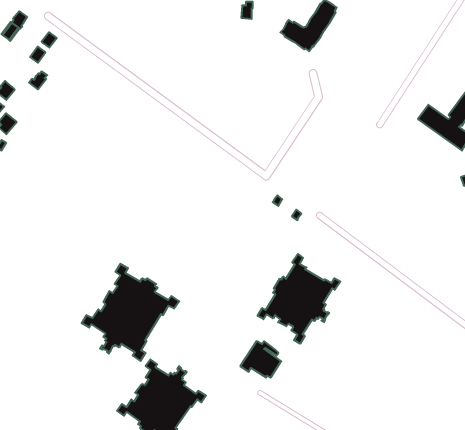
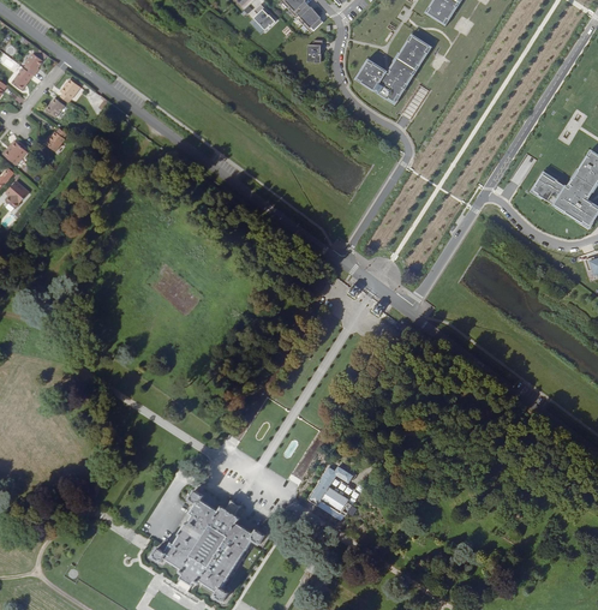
building: [258,254,340,344] -> none
building: [82,264,179,361] -> none

